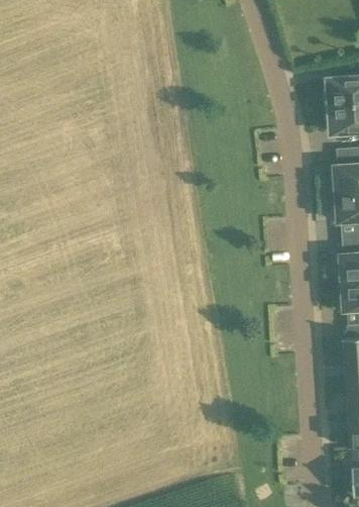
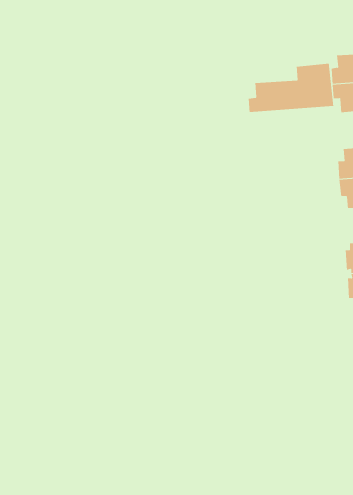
building: none -> [248,63,334,113]

